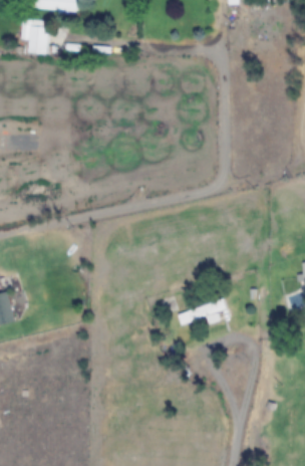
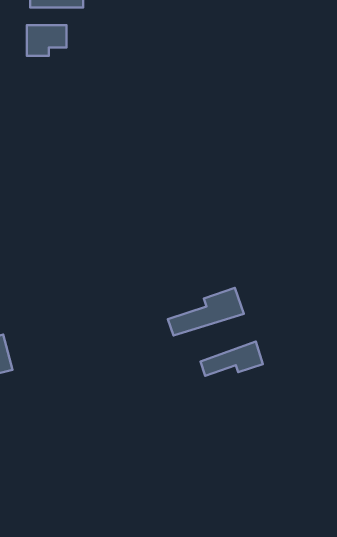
building: none -> [168,288,244,336]

